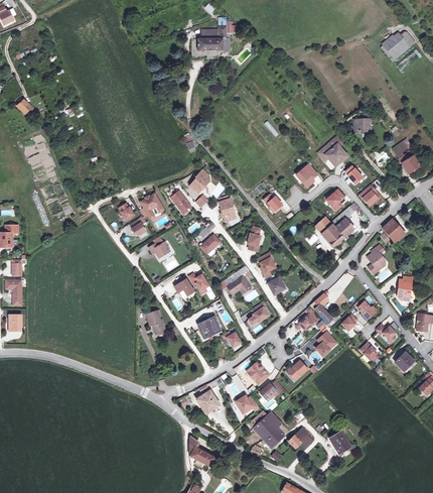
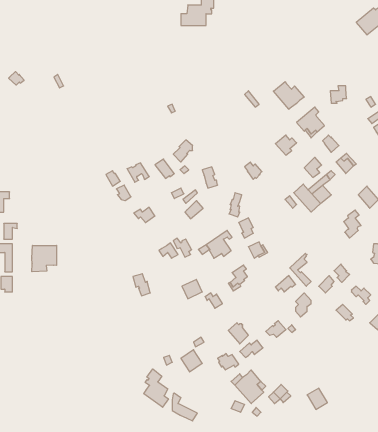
building: none -> [273,82,304,109]
building: none -> [32,245,57,272]
building: none -> [144,369,168,407]

